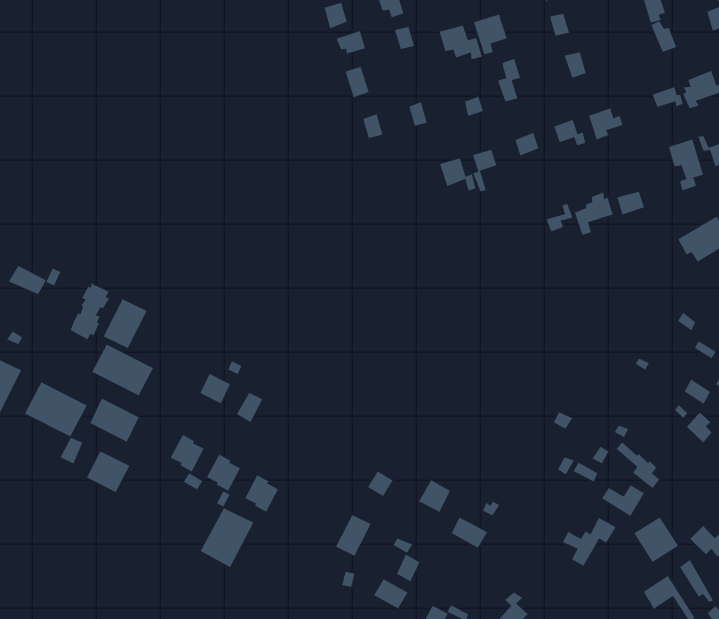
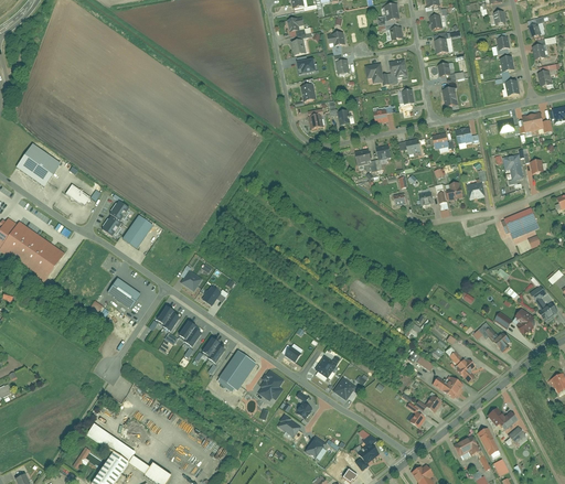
building: [91,344,154,396] -> none
building: [24,382,88,437] -> none
building: [86,450,130,493] -> none
building: [200,508,254,568] -> [218,349,256,389]
building: [633,517,679,563] -> none

